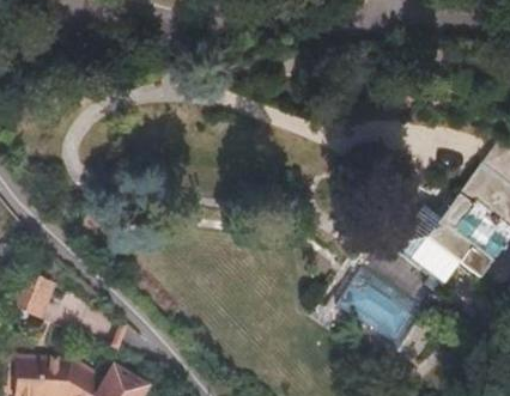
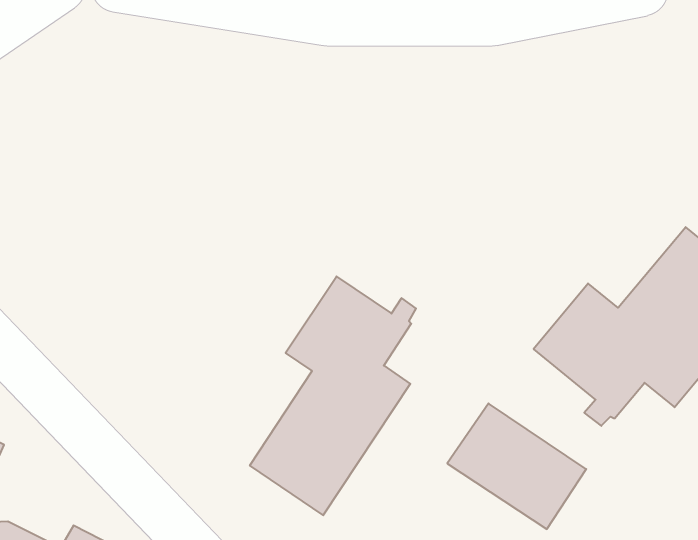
building: none -> [250,276,416,515]

